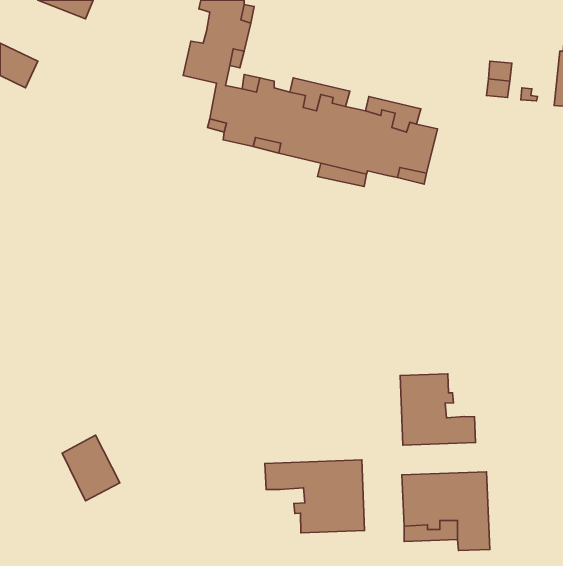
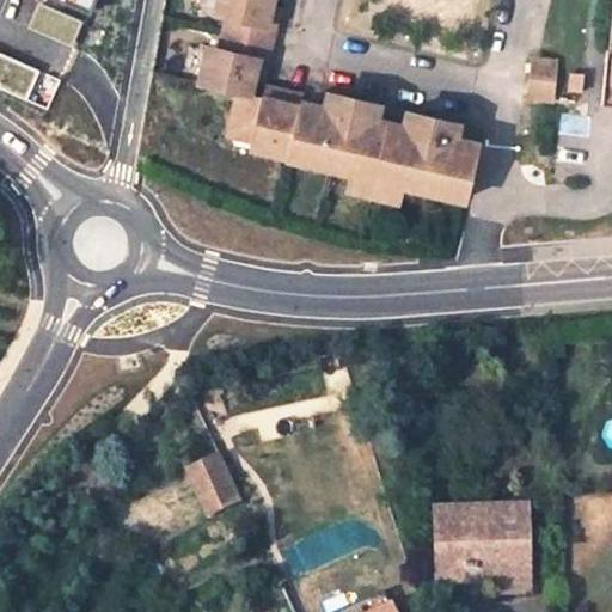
building: [400,374,476,445] -> none
building: [62,435,120,501] -> [179,451,241,521]
building: [265,460,365,533] -> none

